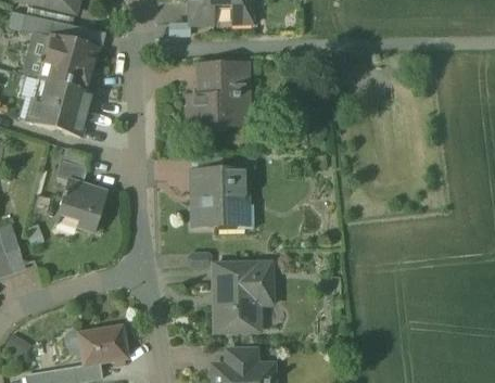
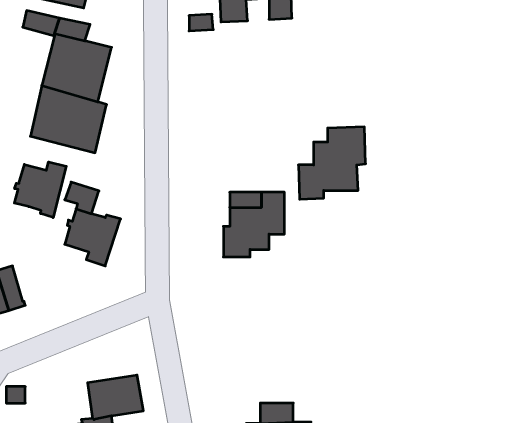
building: [192,64,250,126] -> [298,127,366,199]
building: none -> [14,162,66,218]
building: [215,264,271,330] -> none

